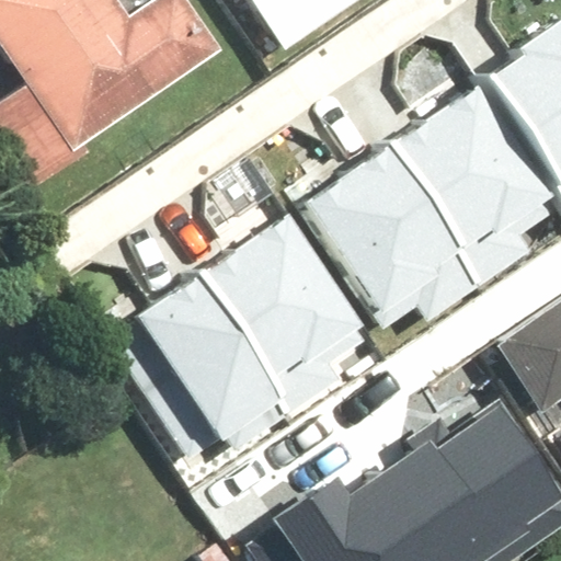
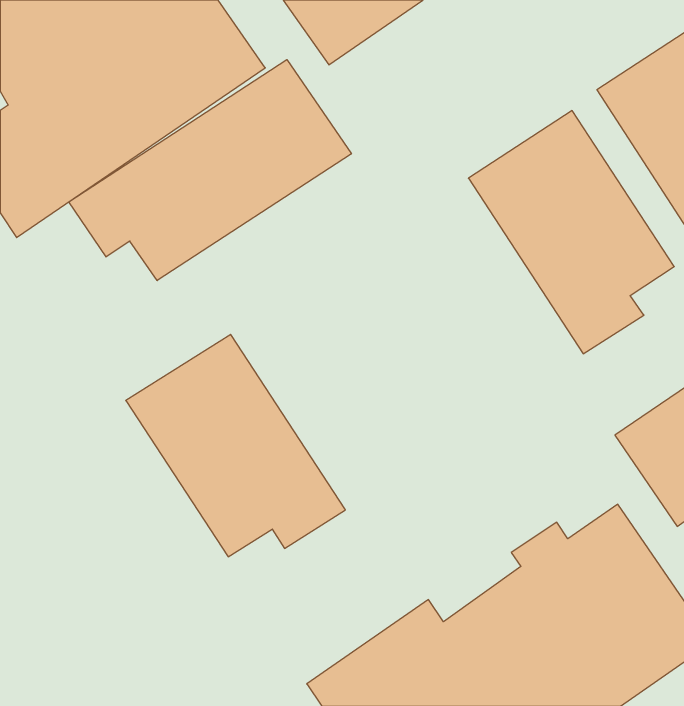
building: none -> [69,60,351,281]
building: [307,141,480,319] -> none
building: [201,211,364,404] -> none

